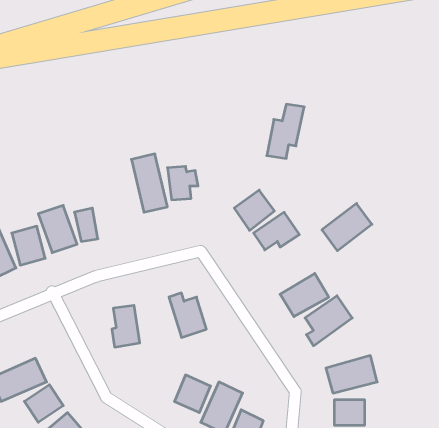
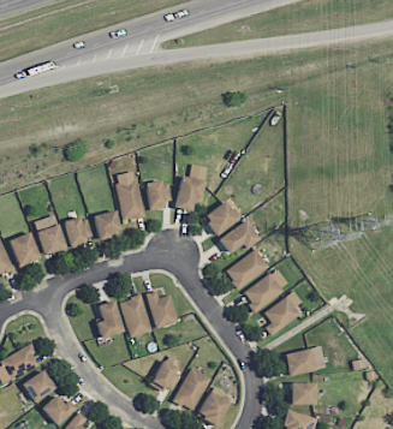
building: [267,104,304,158] -> [175,163,208,210]
building: none -> [94,209,121,237]
building: [322,203,372,251] -> [226,248,269,288]
building: none -> [120,294,153,336]

